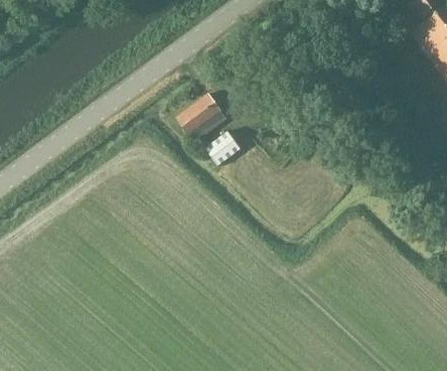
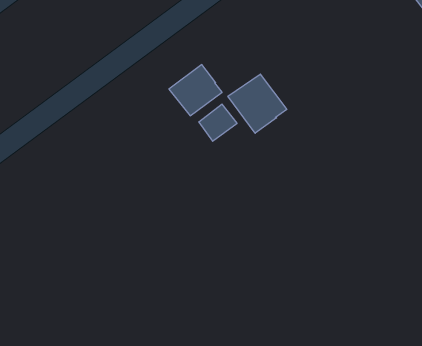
building: none -> [228,74,287,133]

